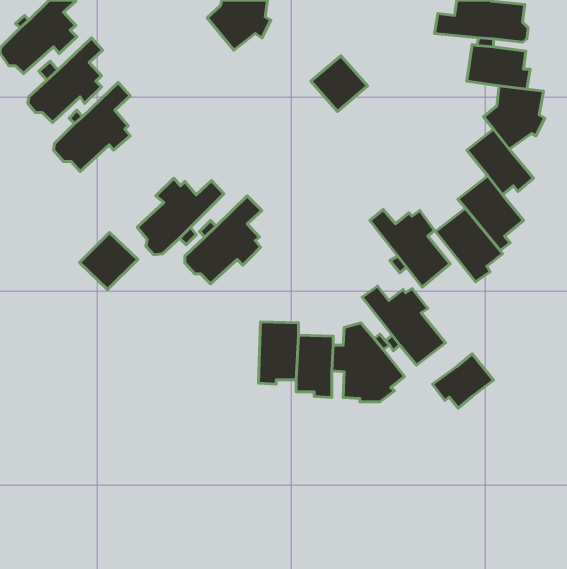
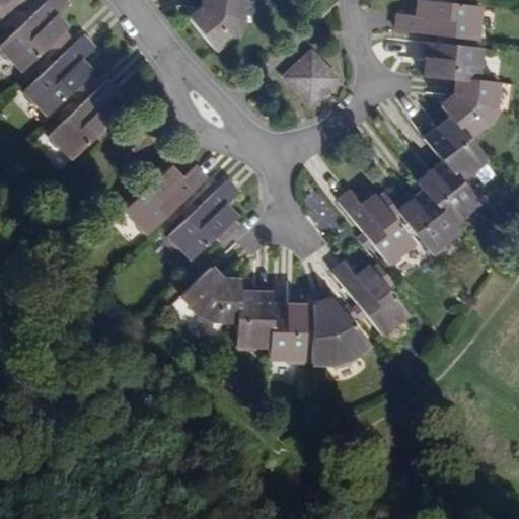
building: [79,233,138,290] -> none
building: none -> [181,267,239,323]
building: [433,354,493,408] -> none

